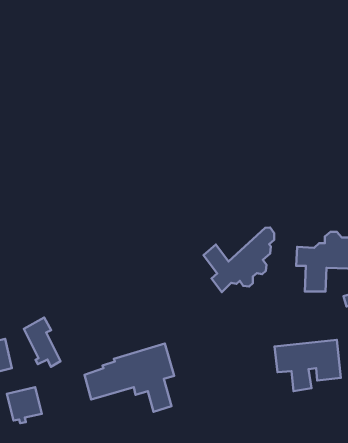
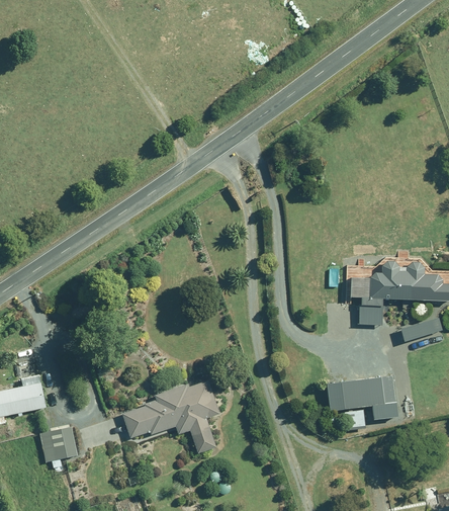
building: [203,228,274,292] -> none
building: [24,318,61,367] -> none

